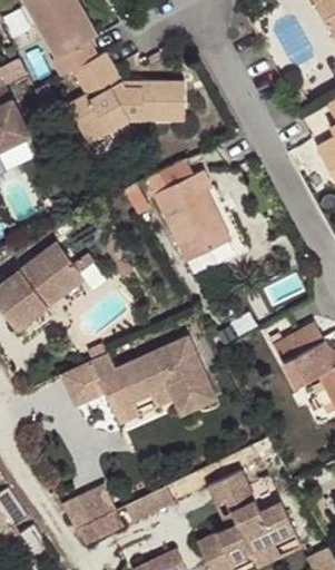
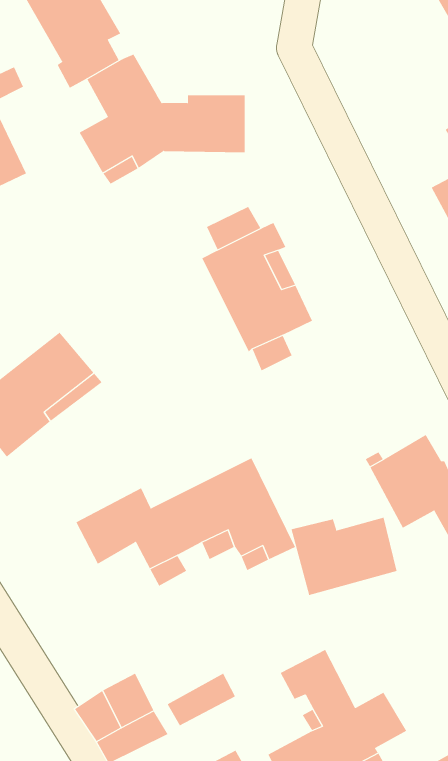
building: none -> [291,517,397,596]

